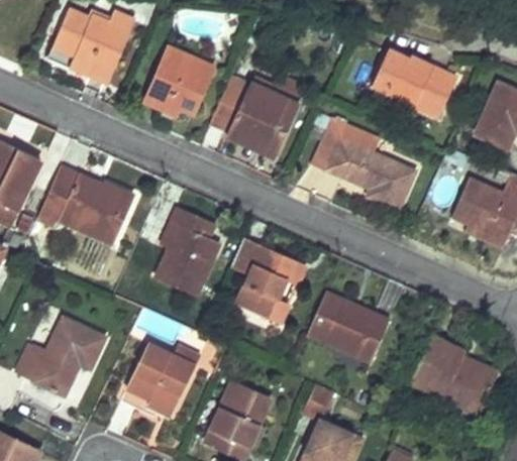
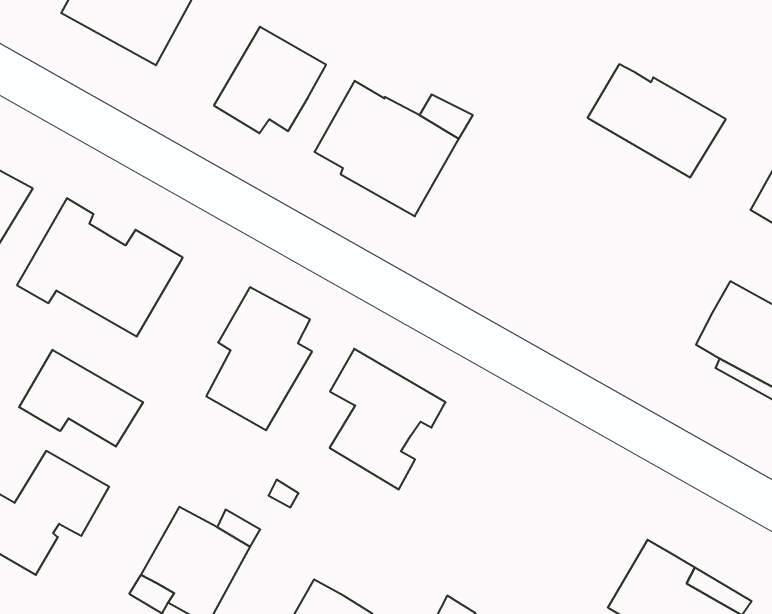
building: [312,118,413,208] -> none
building: none -> [19,350,143,447]
building: [308,292,390,359] -> none

